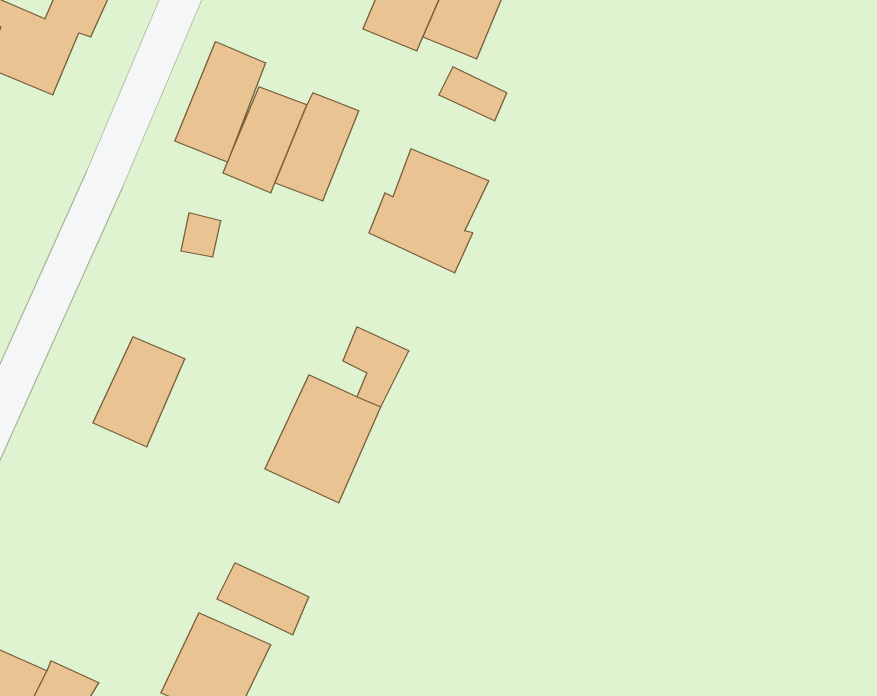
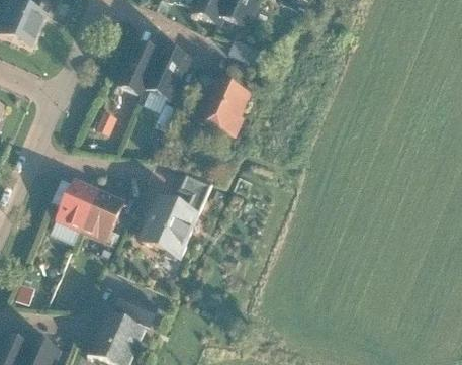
building: [175,42,266,162] -> none
building: none -> [79,184,125,240]

